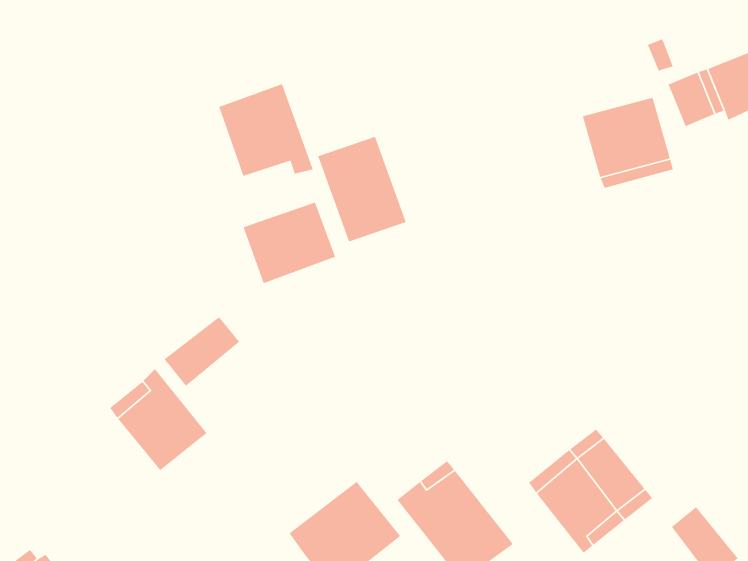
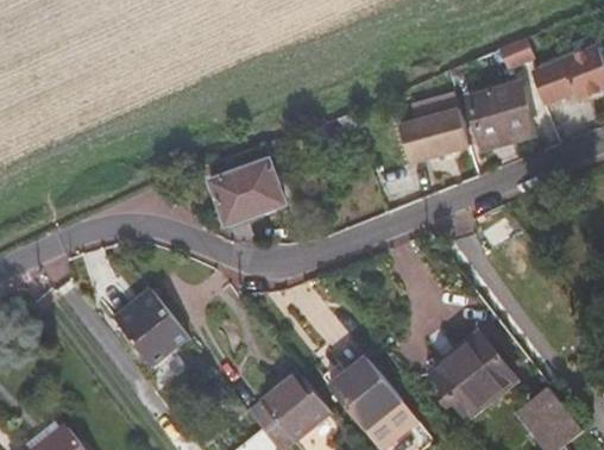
building: [218,83,314,177] -> none
building: none -> [398,110,468,164]
building: [317,136,407,242] -> none
building: [164,316,240,387] -> none

